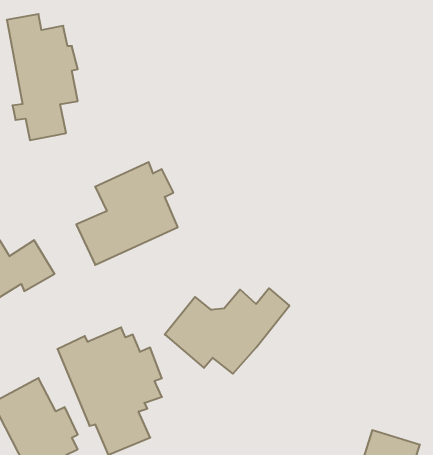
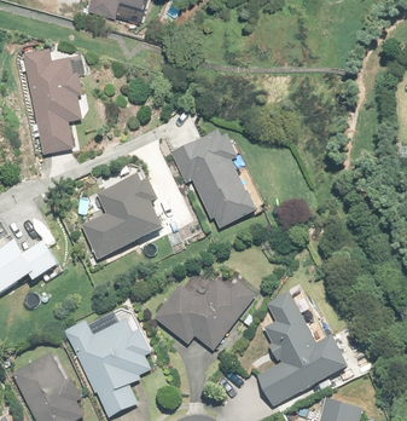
building: none -> [169,129,262,229]
building: none -> [257,293,350,405]

